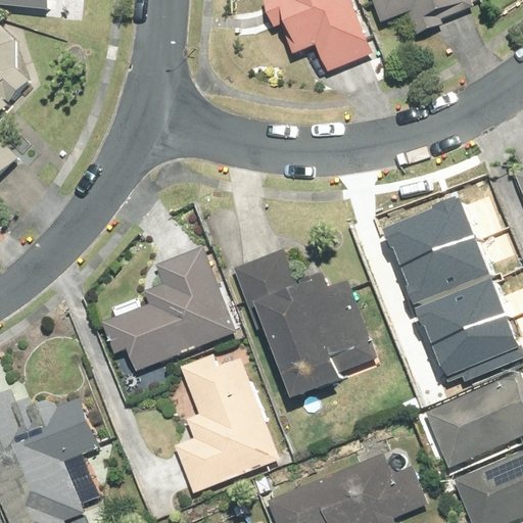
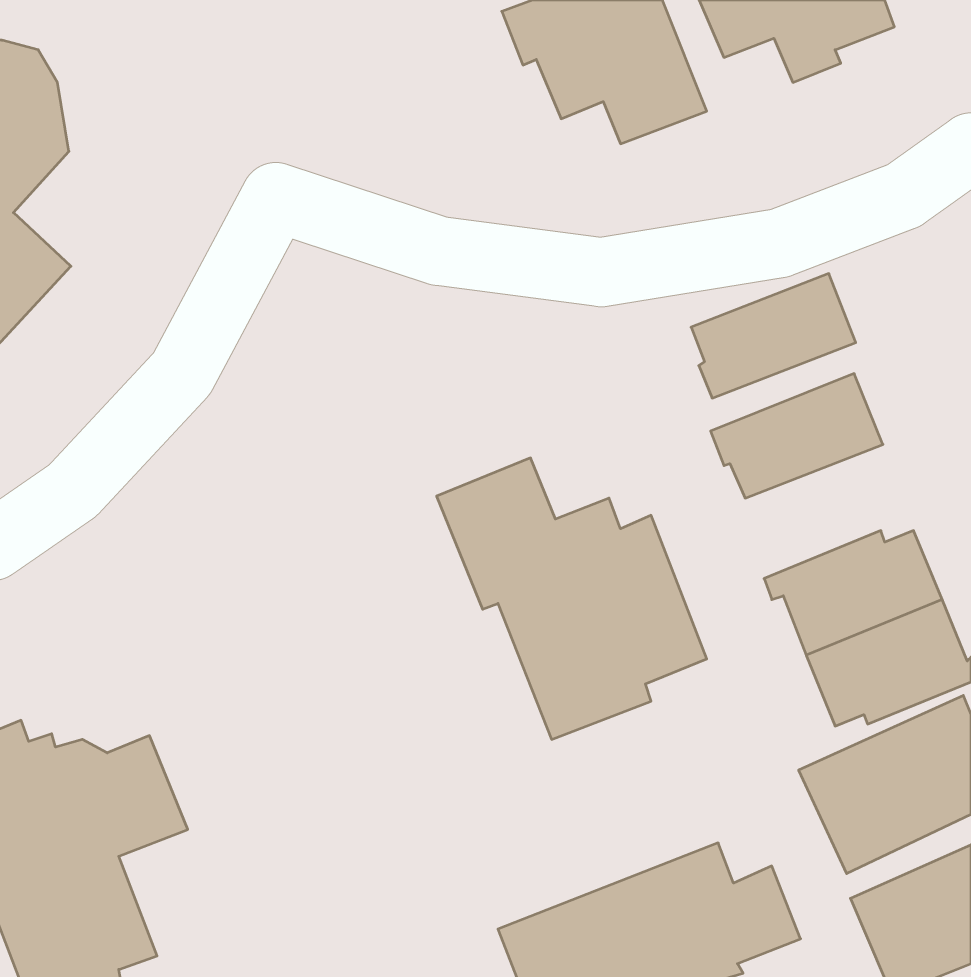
building: [397,238,485,304] -> [691,274,856,398]
building: [101,245,235,367] -> none
building: [173,348,283,501] -> none

